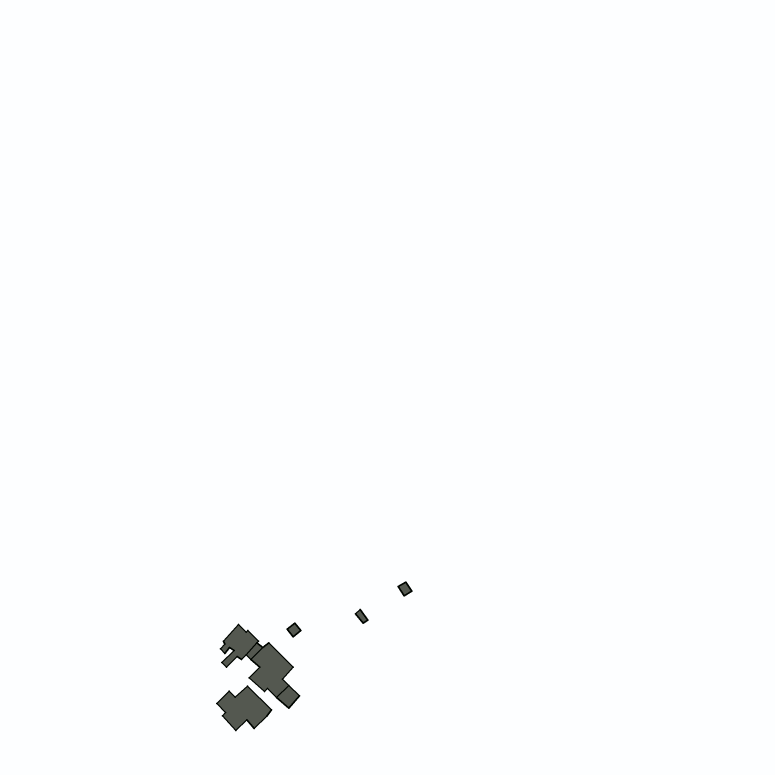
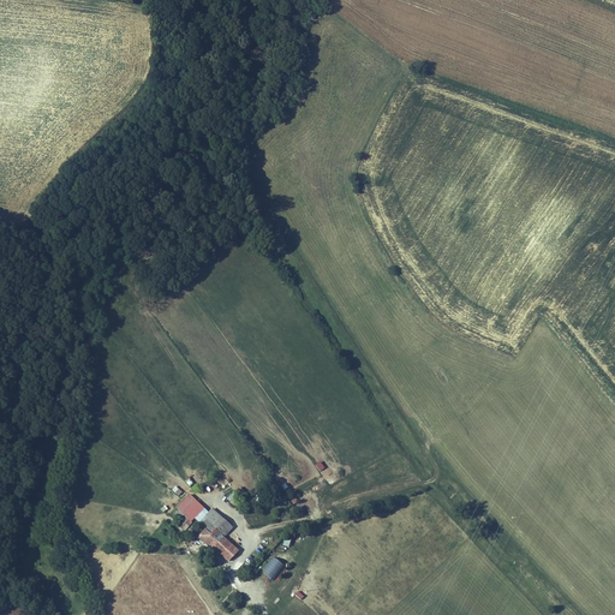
building: [217,686,271,731] -> none

